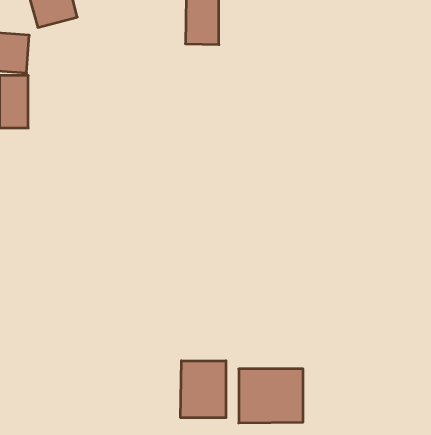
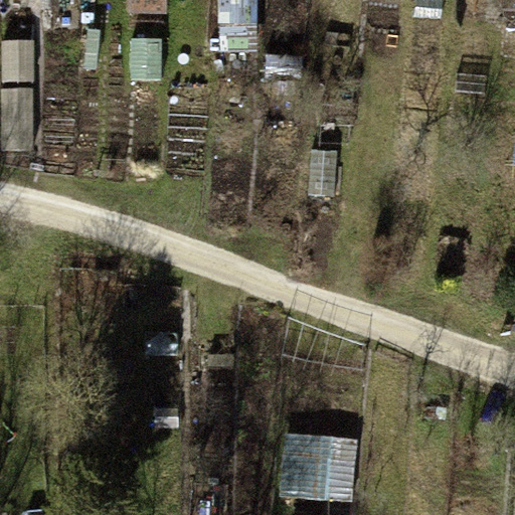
building: [181,361,226,418] -> none

